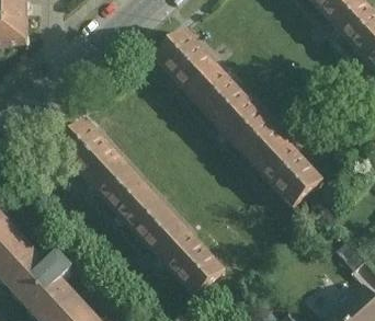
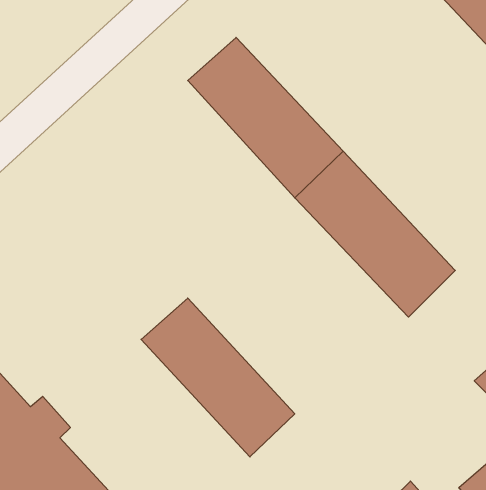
building: [55,119,152,221] -> none

